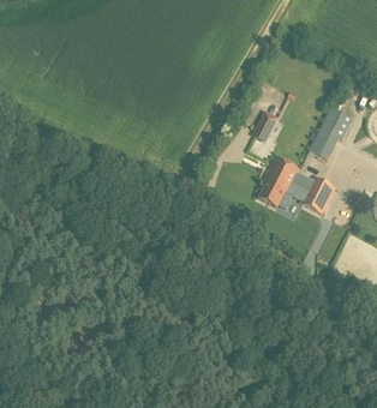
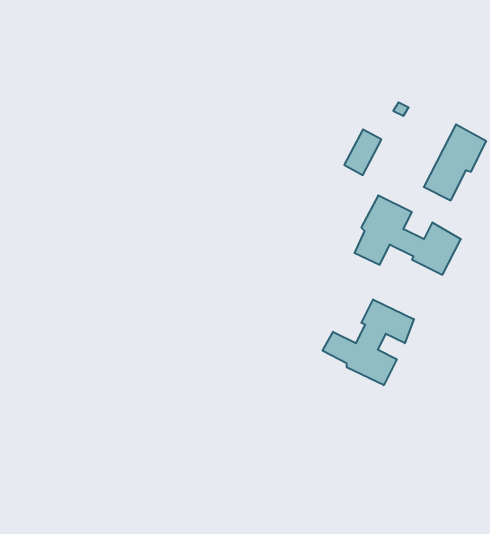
building: none -> [323,299,414,385]

